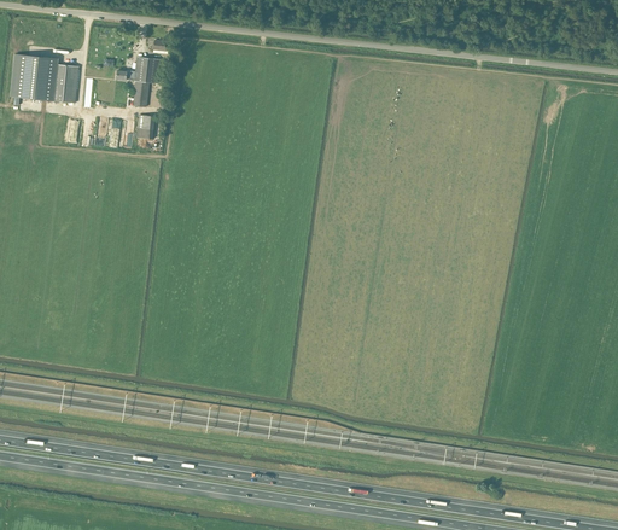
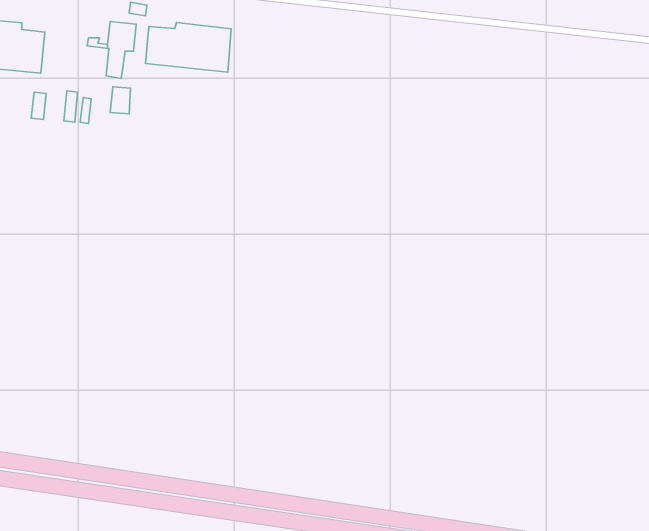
building: none -> [145,23,231,72]

